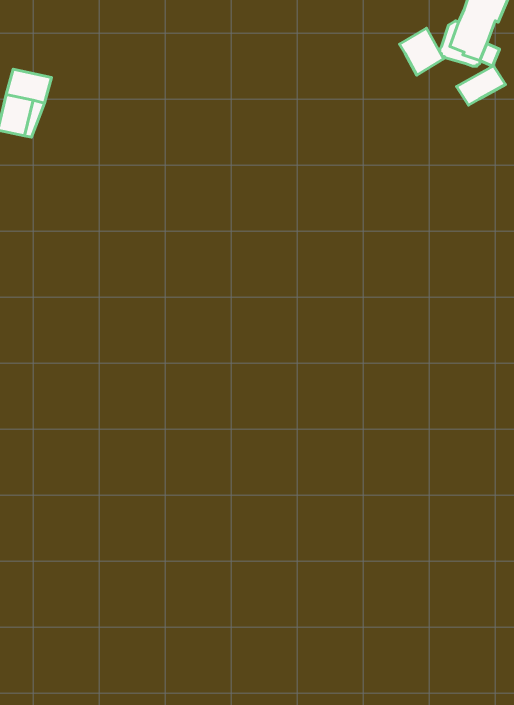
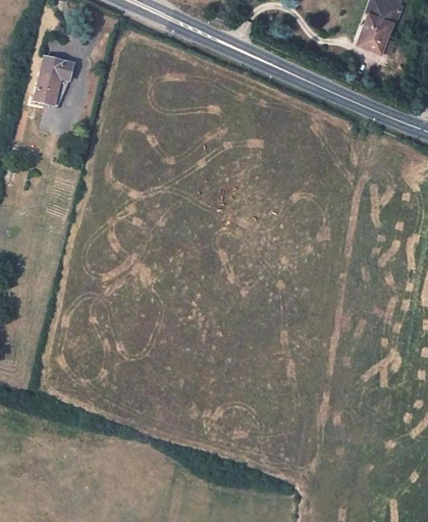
building: [400,28,444,75] -> none
building: [456,66,506,105] -> none

